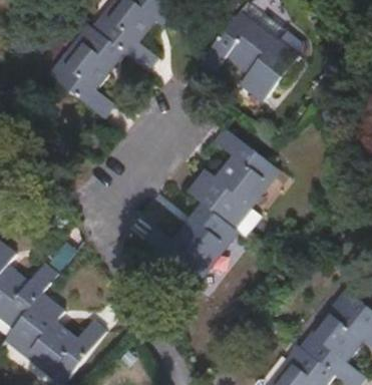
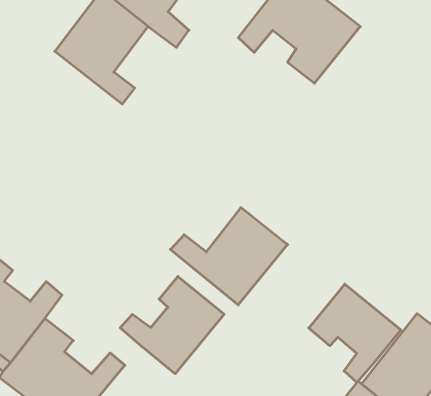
building: [187,128,280,230] -> none
building: none -> [120,276,224,374]
building: none -> [309,284,401,382]

